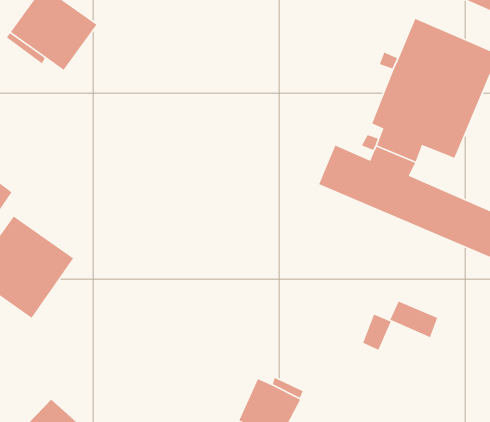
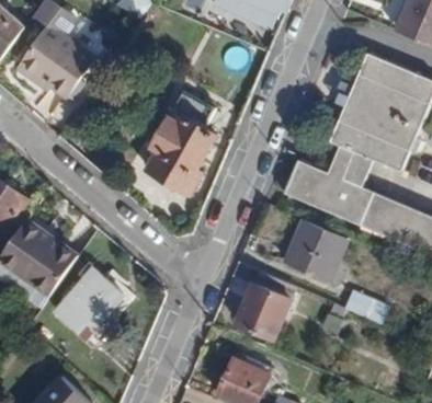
building: none -> [145,91,215,194]
building: none -> [283,218,348,281]
building: none -> [55,268,133,343]
building: none -> [234,270,295,342]

